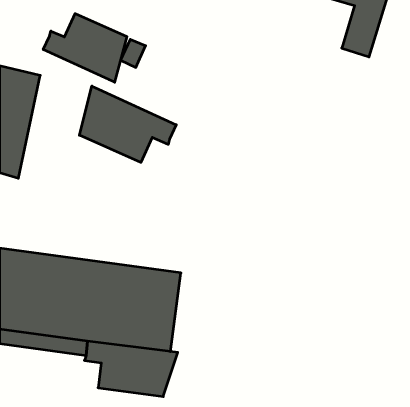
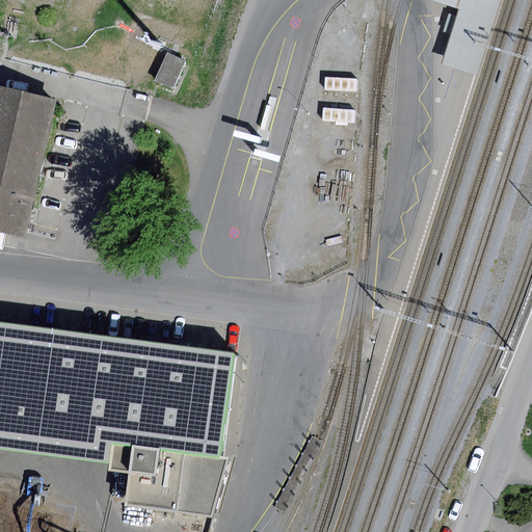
building: [43,14,127,82] -> none
building: [79,86,176,162] -> none

